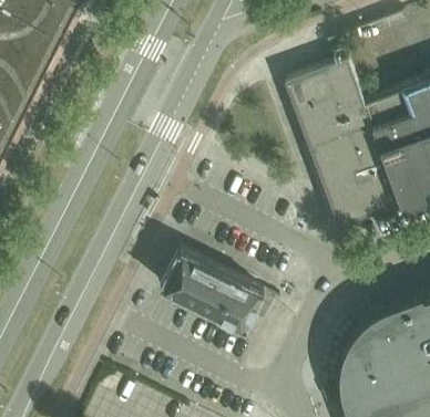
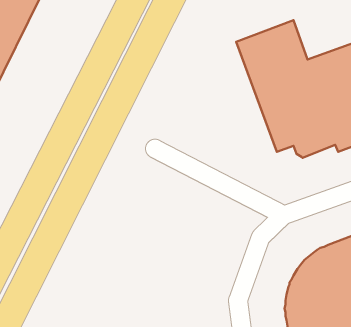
building: [161,256,264,334] -> none

